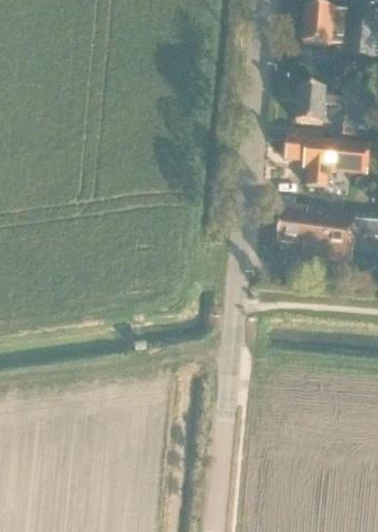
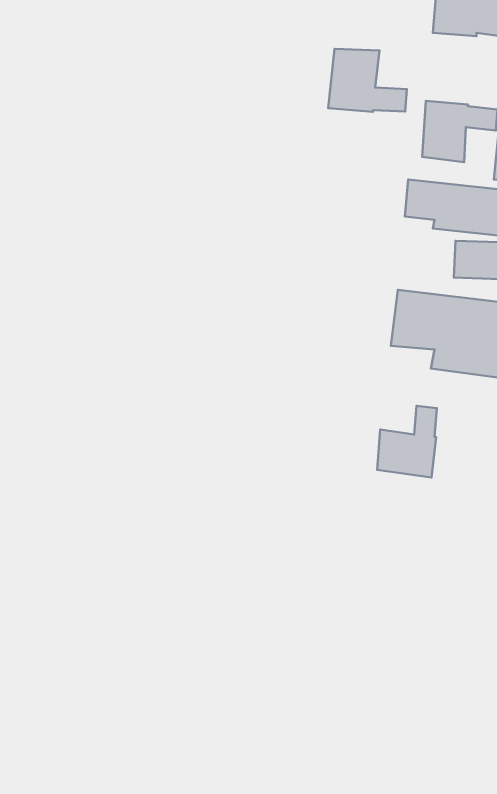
building: none -> [328,49,407,112]
building: none -> [377,406,437,477]

